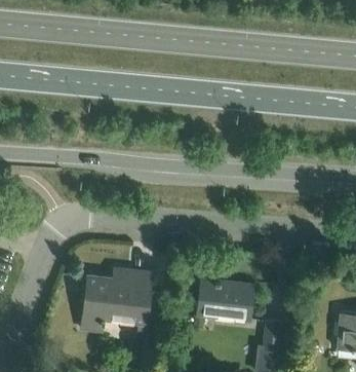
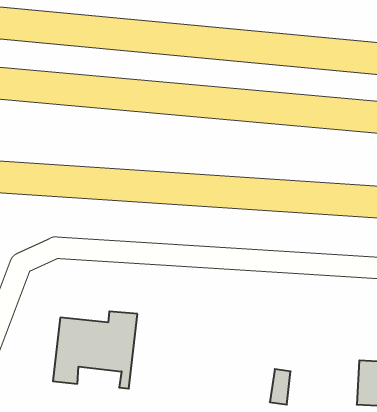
building: [197,280,251,320] -> none

